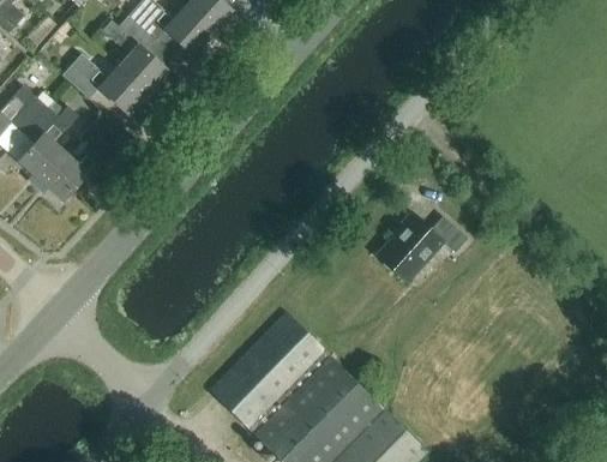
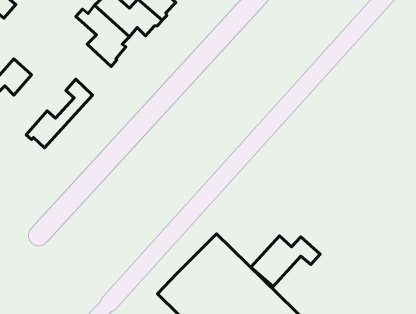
building: [62,54,149,114] -> none
building: [19,106,79,184] -> none
building: [378,216,468,282] -> [251,236,320,287]

